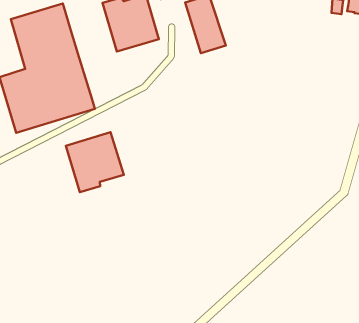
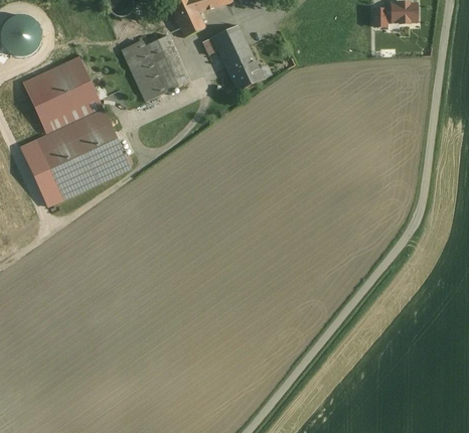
building: [66,132,124,192] -> none

